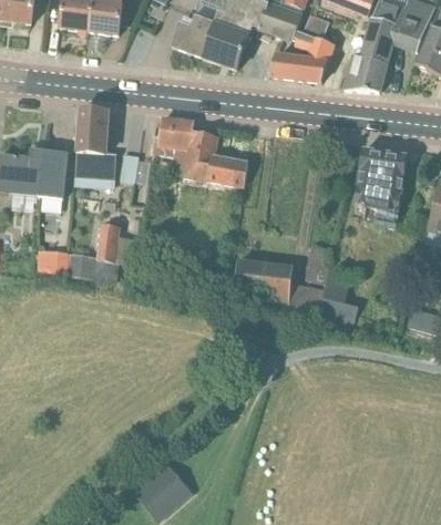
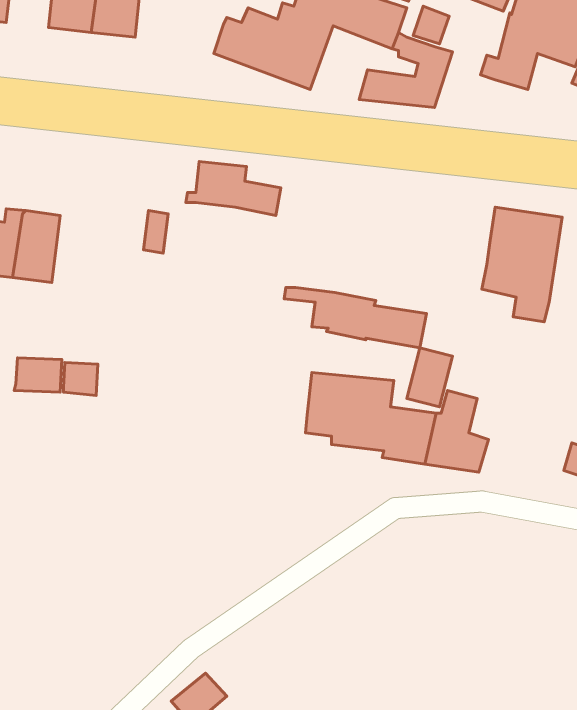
building: [345,58,384,90] -> none
building: [76,109,119,175] -> none
building: [152,144,248,185] -> [284,287,426,348]
building: [93,222,117,278] -> none

